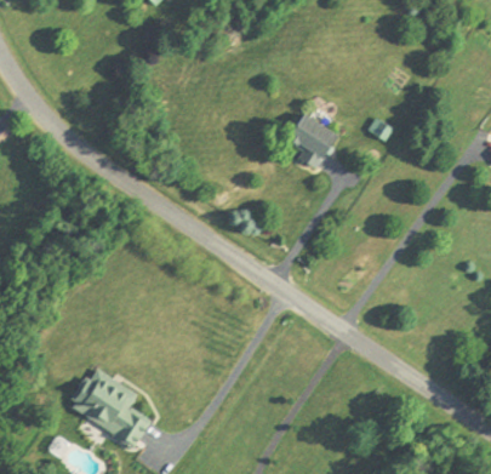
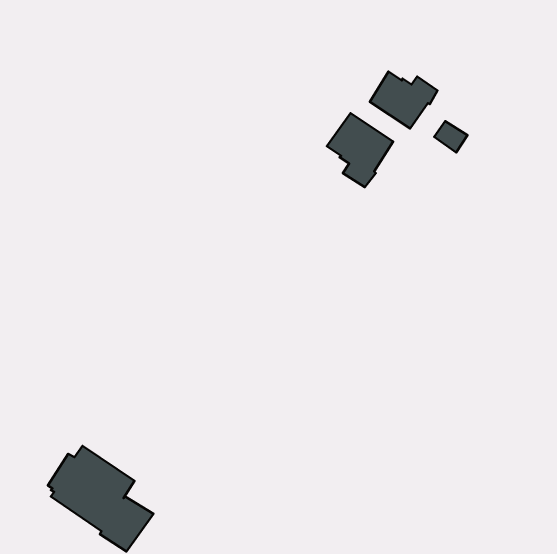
building: none -> [370,72,438,129]

